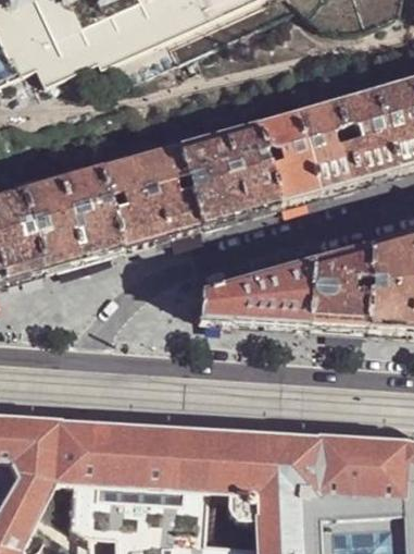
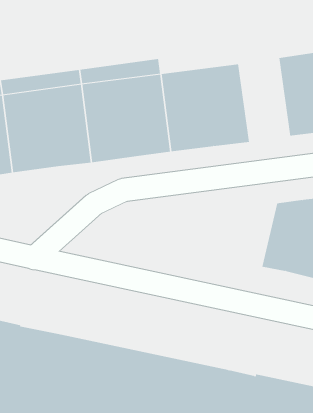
building: [256,112,318,201] -> none
building: [202,259,315,325] -> none

